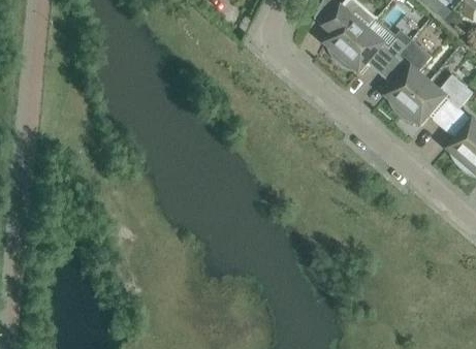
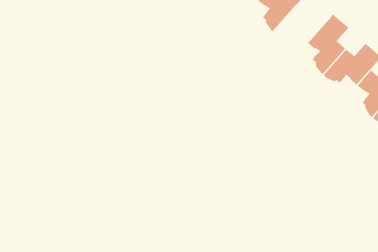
building: [338,28,407,74] -> none

